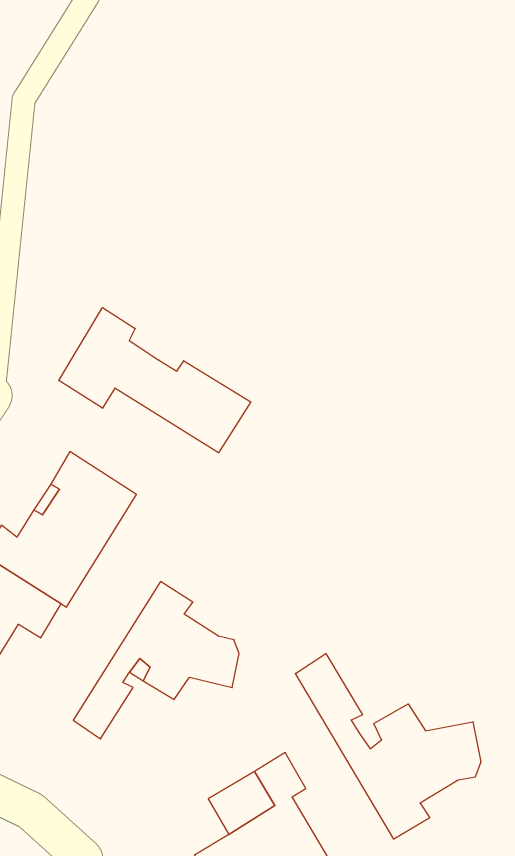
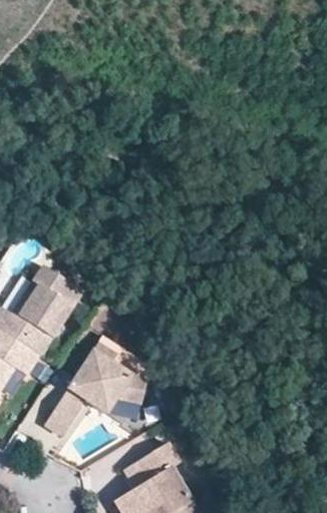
building: [59,308,251,453] -> none
building: [295,654,481,839] -> none

